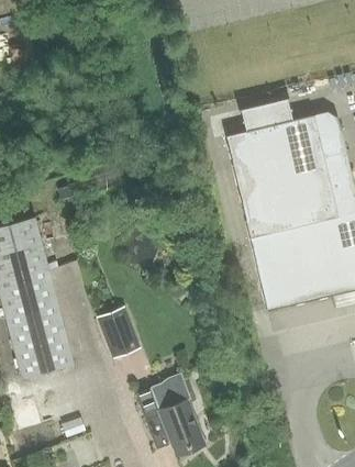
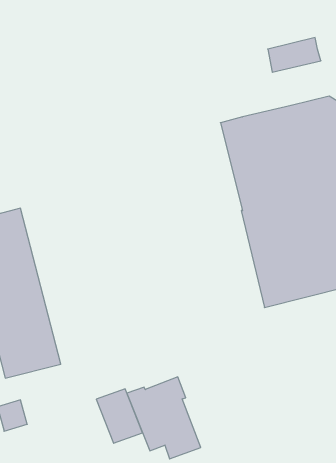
building: [242,98,292,131] -> [268,38,321,72]
building: [97,307,141,358] -> [96,389,142,443]

